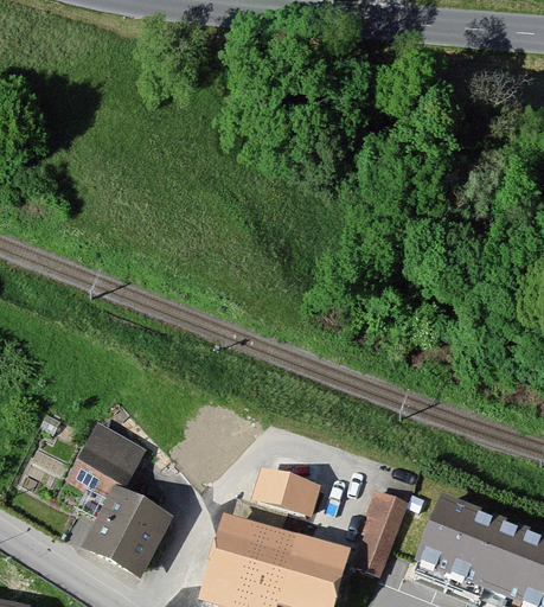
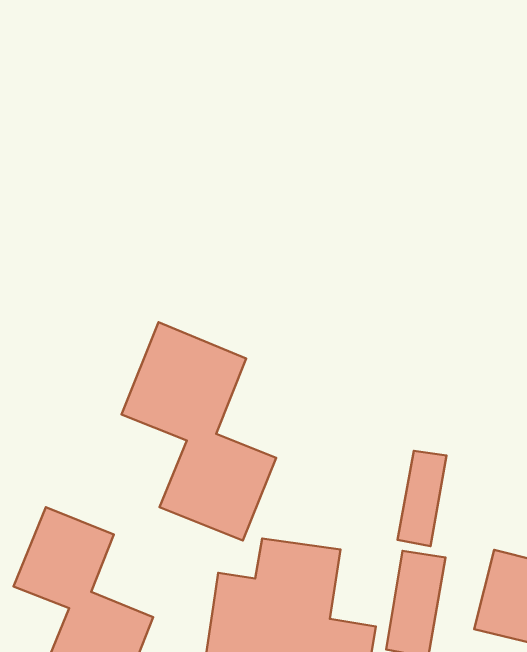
building: none -> [122,322,276,541]
building: none -> [398,451,446,546]

